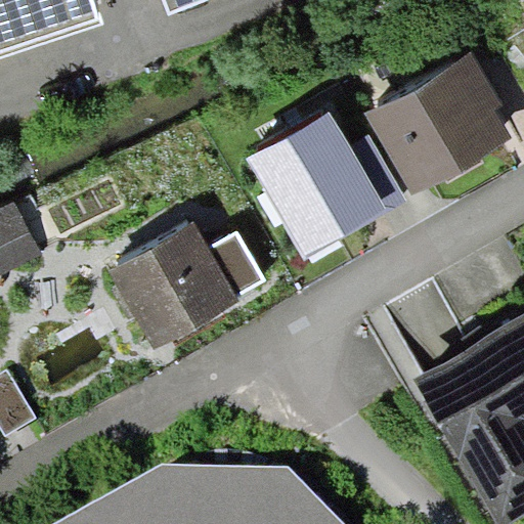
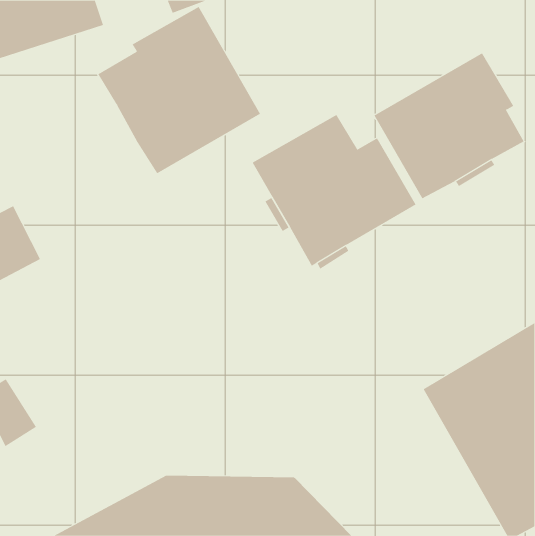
building: none -> [97,6,261,174]
building: [108,220,263,349] -> none

